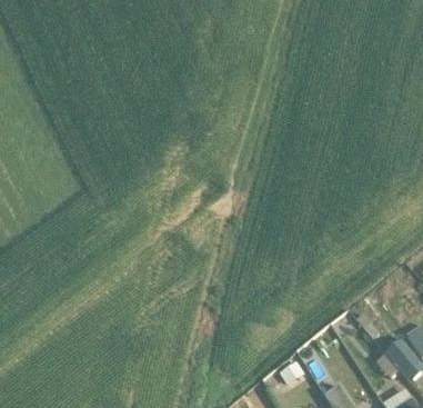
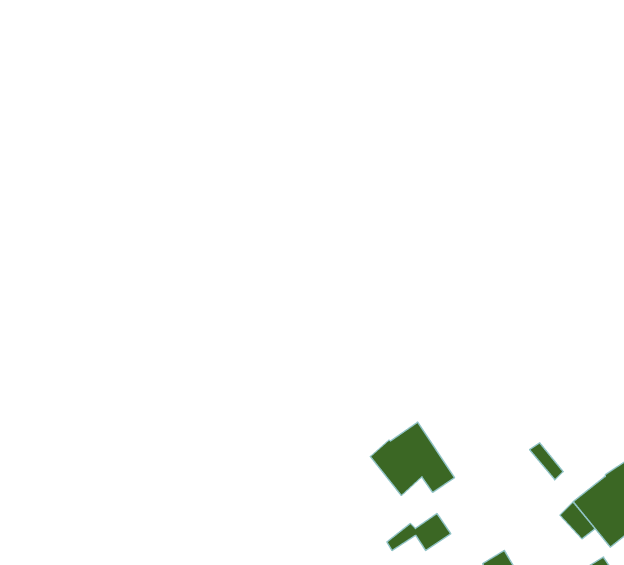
building: none -> [370,422,454,495]

